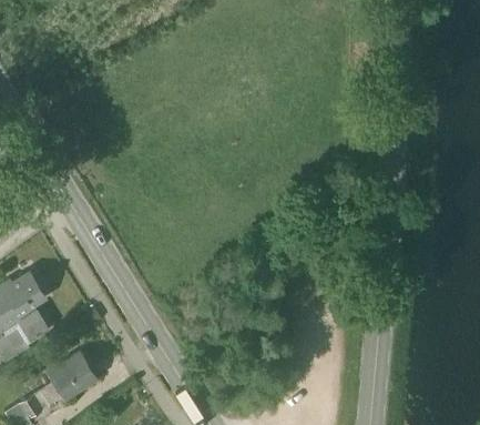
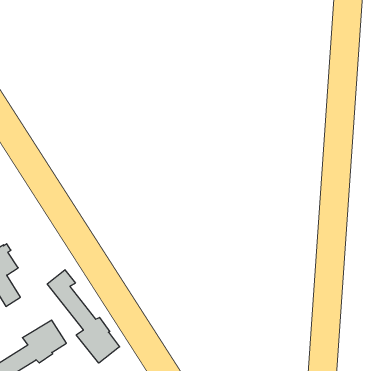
building: none -> [47,270,120,363]

